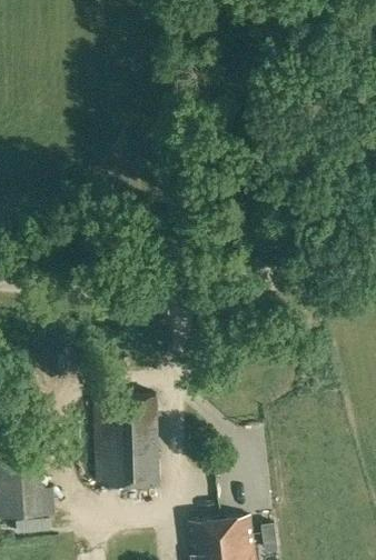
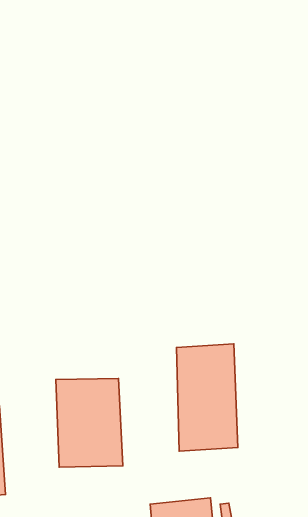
building: none -> [176,344,238,451]

